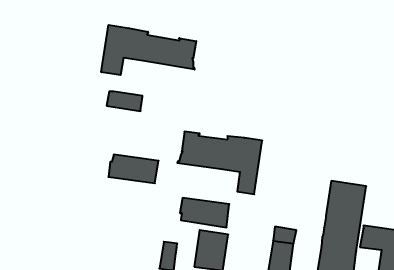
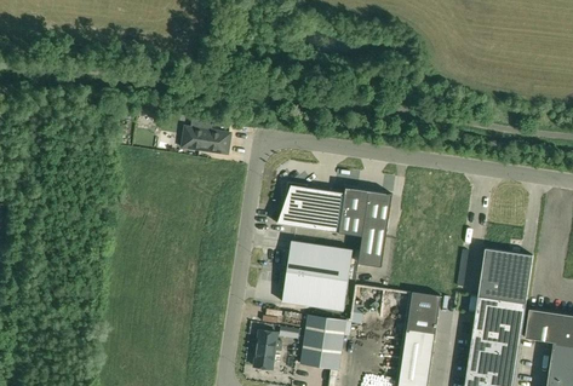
building: [101,25,196,75] -> none
building: [108,155,159,183] -> [283,241,351,280]
building: none -> [408,292,440,315]

